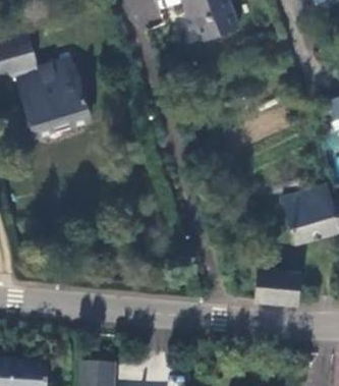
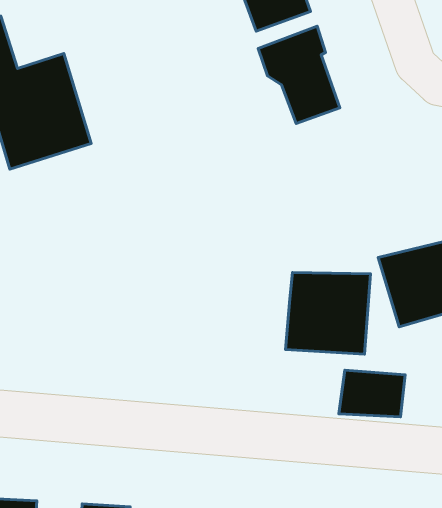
building: none -> [258,26,340,123]
building: none -> [286,272,370,354]

